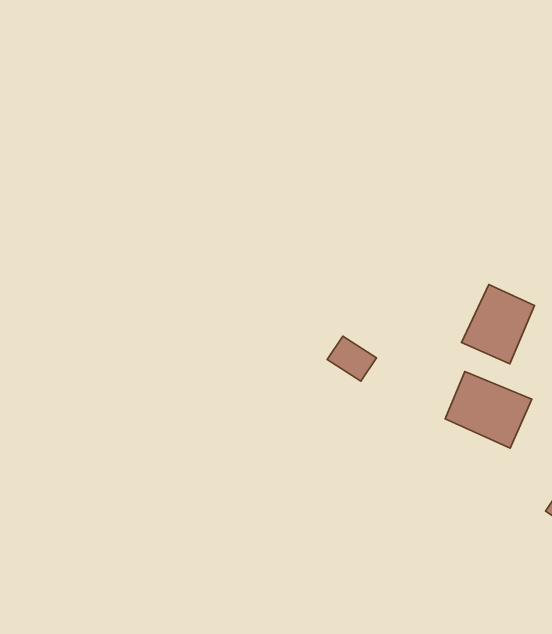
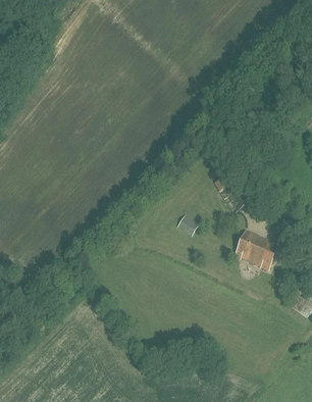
building: [461,284,534,364] -> none

